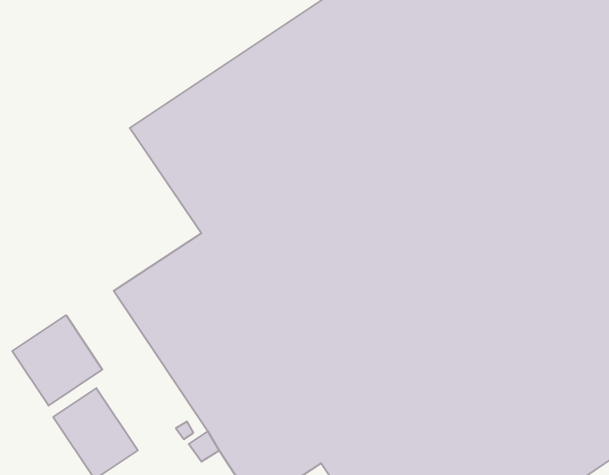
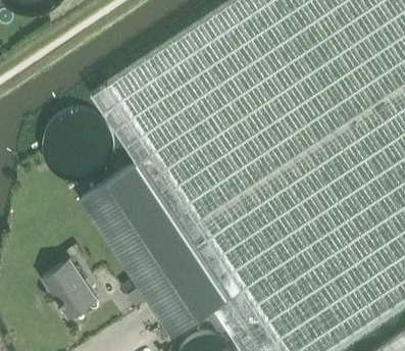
building: [12,315,102,406] -> none

